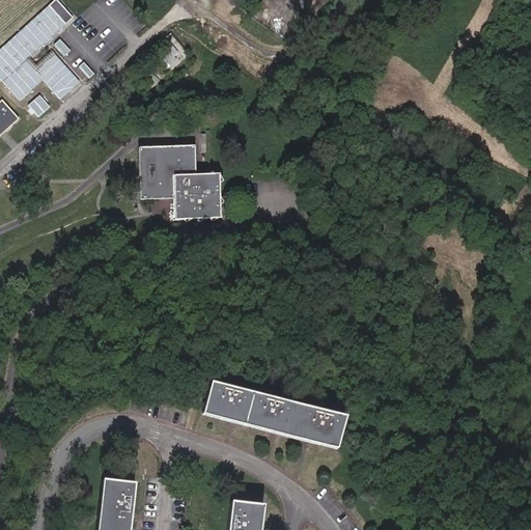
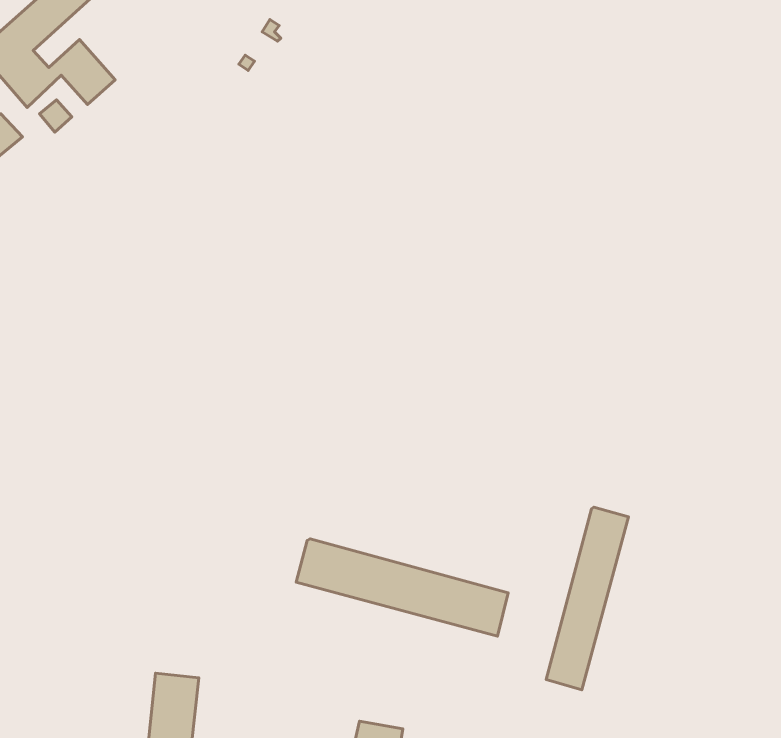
building: [140,152,224,213] -> none
building: none -> [546,507,628,690]

